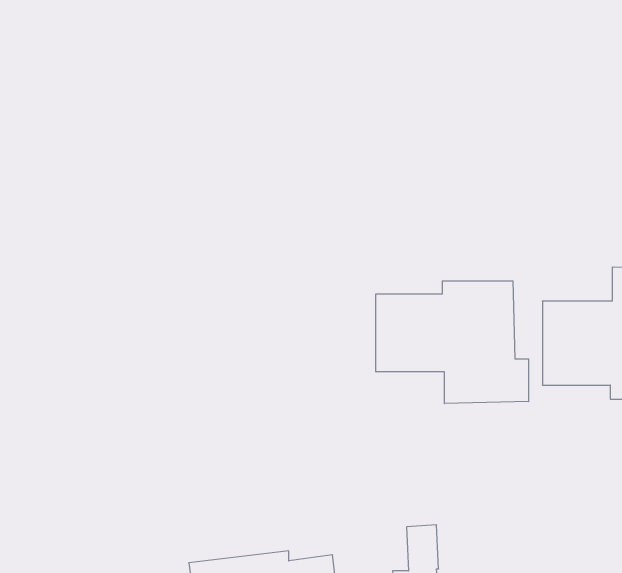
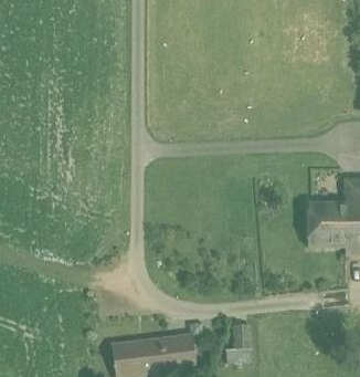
building: [376,281,529,404] -> none

